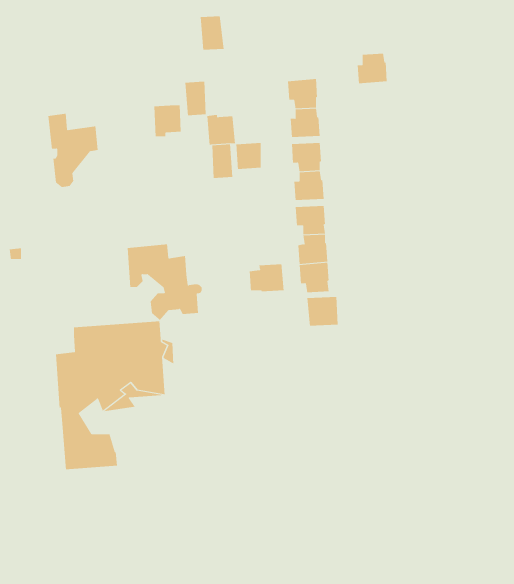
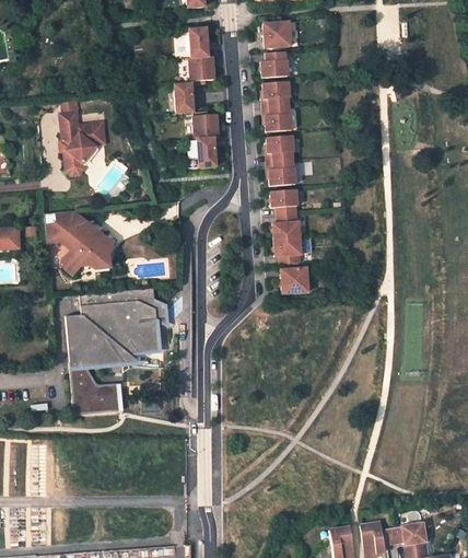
building: none -> [265,23,291,48]
building: [357,53,388,84] -> [262,53,289,79]
building: [153,105,182,137] -> [191,57,215,84]
building: [236,142,261,170] -> none
building: [127,244,203,321] -> [44,210,108,276]
building: [249,263,284,292] -> none

